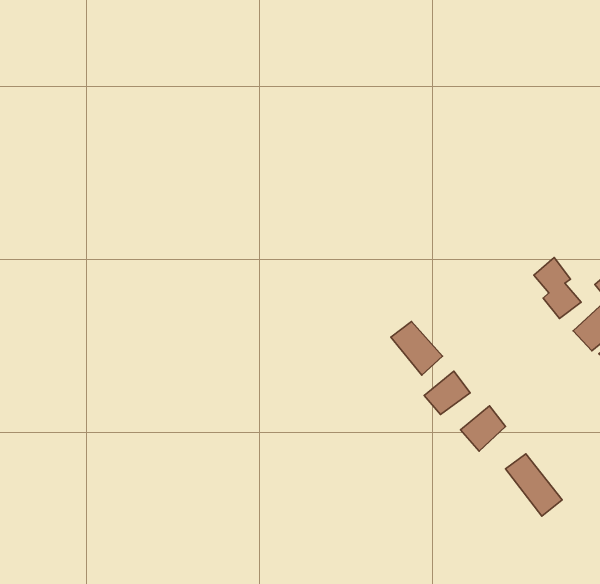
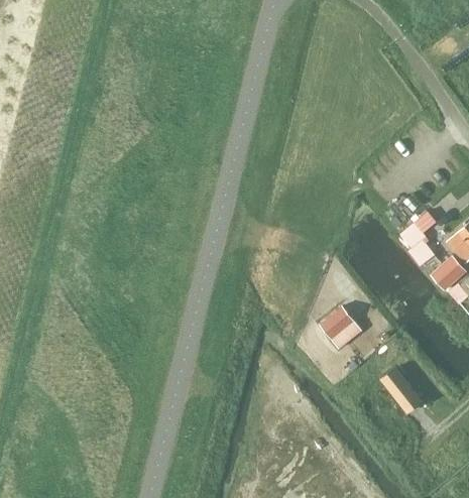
building: [391,321,443,375] -> none
building: [460,406,506,451] -> none

